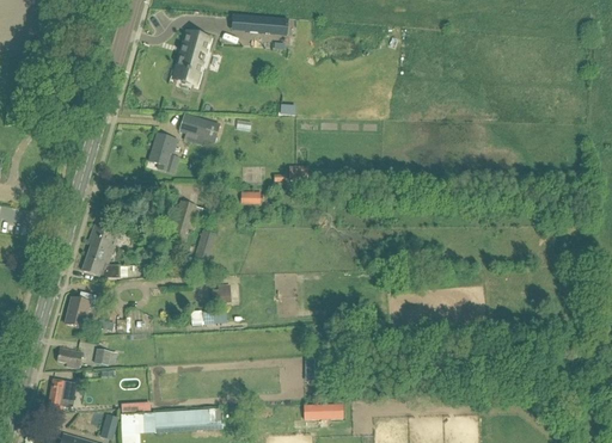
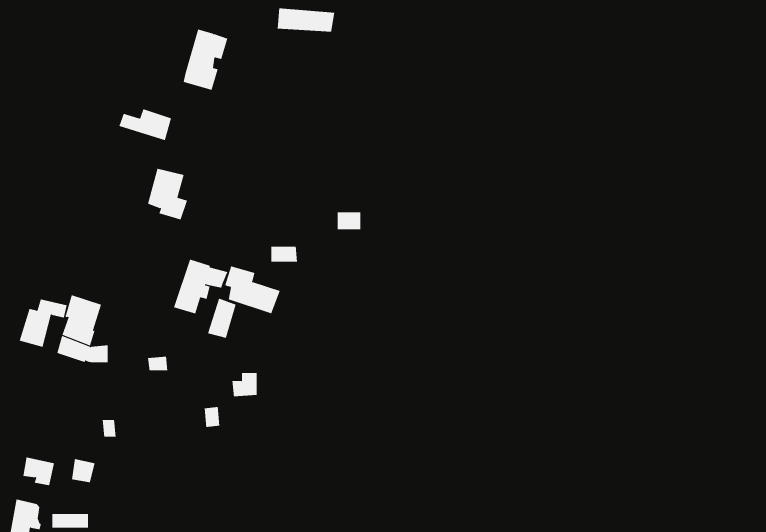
building: [179,117,219,141] -> [118,108,172,141]
building: none -> [224,266,281,314]
building: [65,291,100,327] -> [19,299,68,347]

